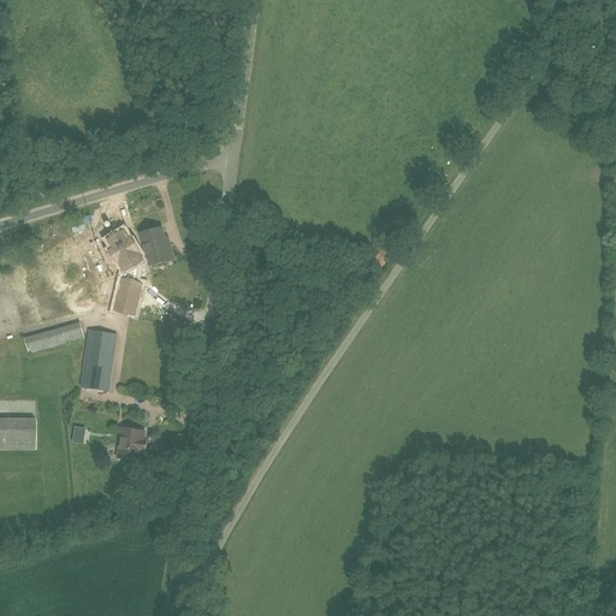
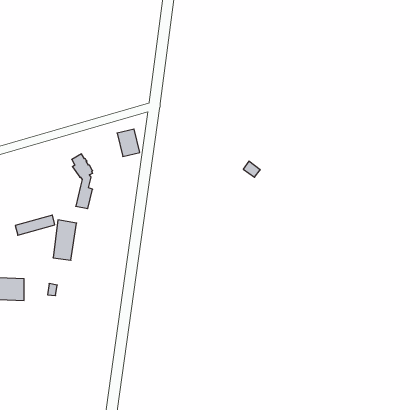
building: [140,224,173,265] -> [117,129,140,156]
building: [116,426,144,460] -> none

